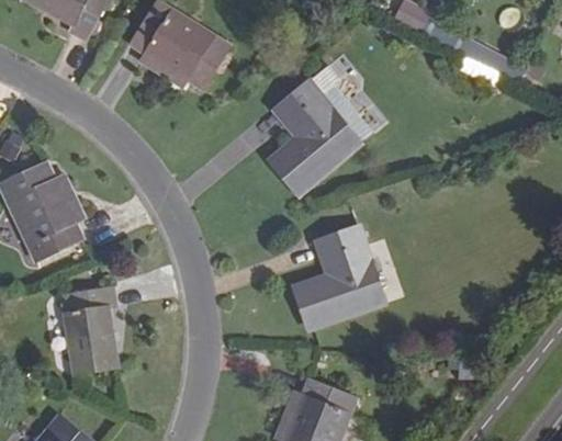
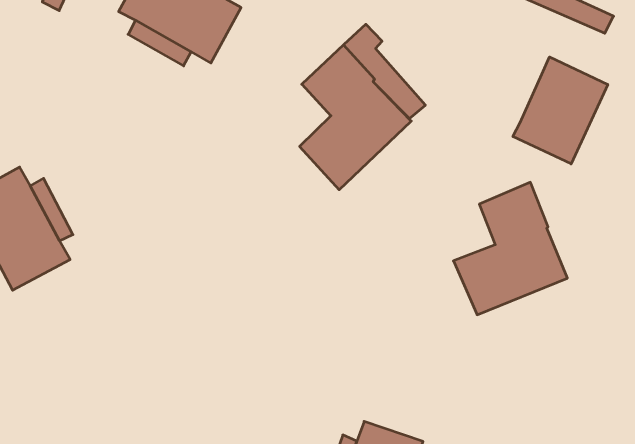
building: none -> [513,57,608,164]
building: [293,226,383,329] -> [453,182,567,315]
building: [63,287,116,373] -> none

